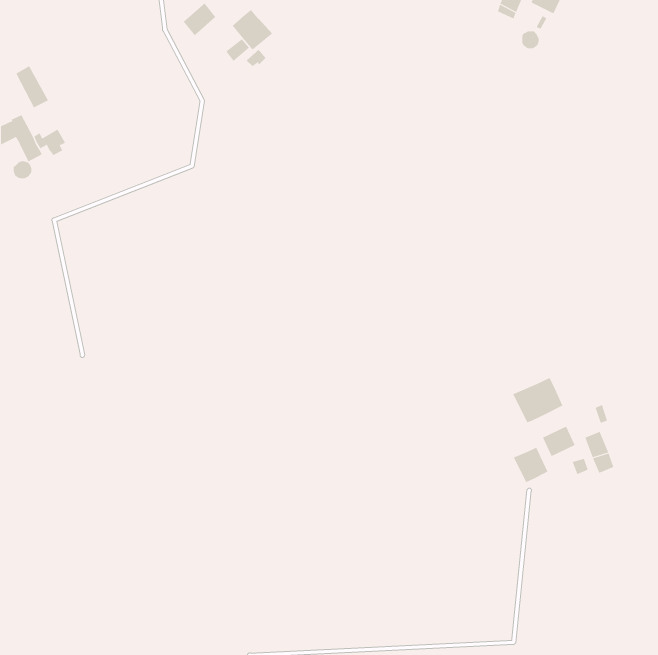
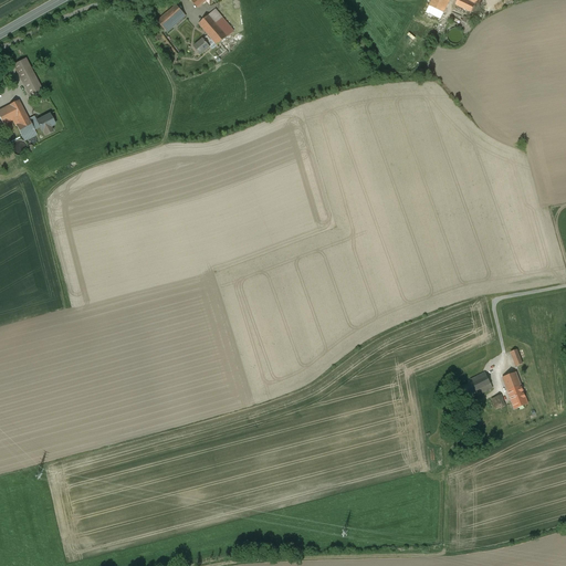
building: [513,377,563,423] -> none
building: [513,447,548,483] -> none

